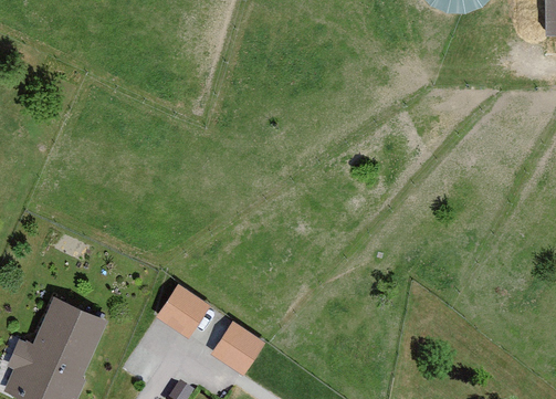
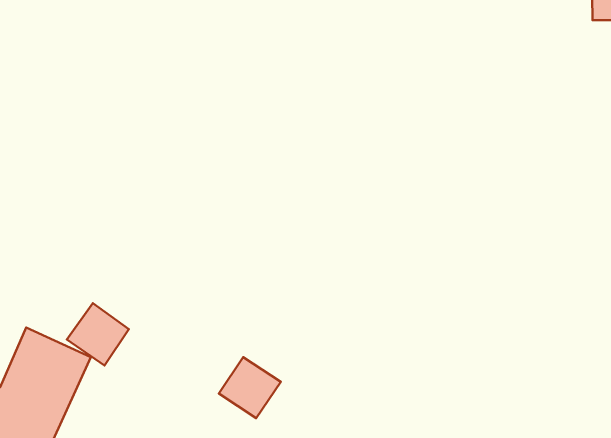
building: [161,283,214,336] -> [67,303,129,365]

